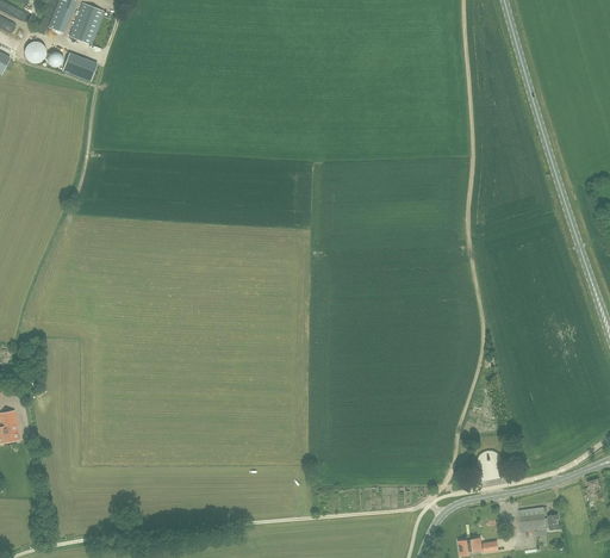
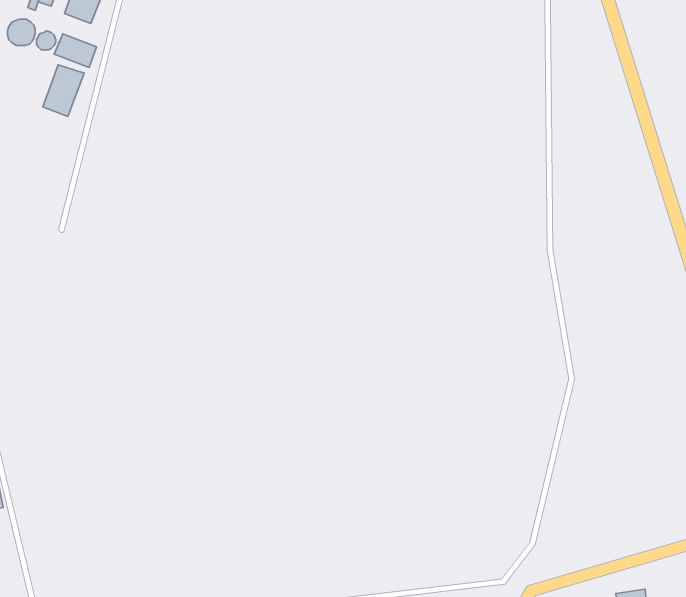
building: none -> [43,65,84,117]

